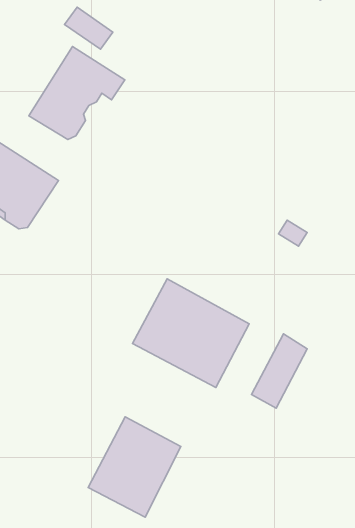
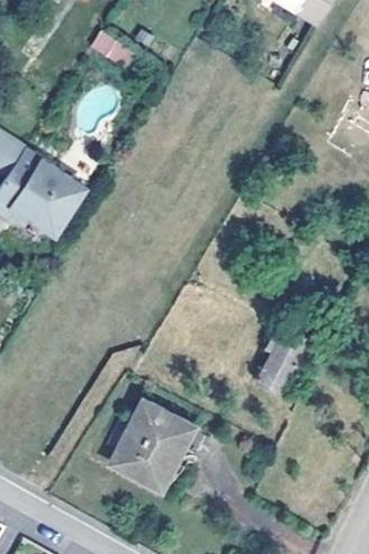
building: [29,47,125,140] -> none
building: [133,279,249,388] -> none

